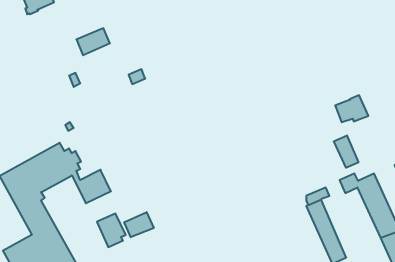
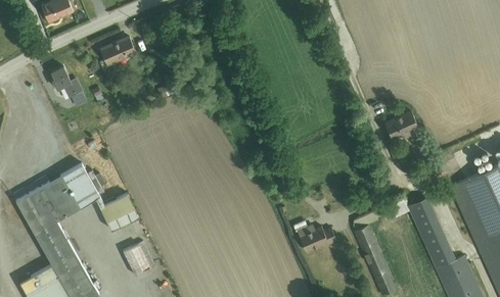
building: none -> [52,67,83,100]
building: [334,135,358,168] -> none
building: none -> [292,221,337,253]
building: [124,212,154,237] -> none

